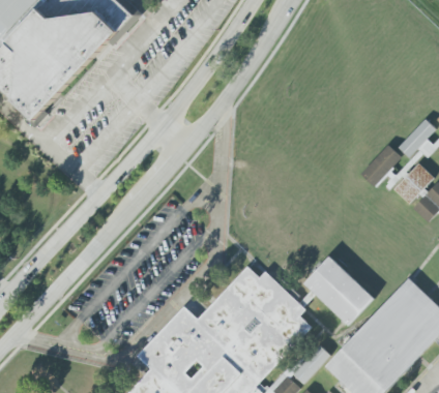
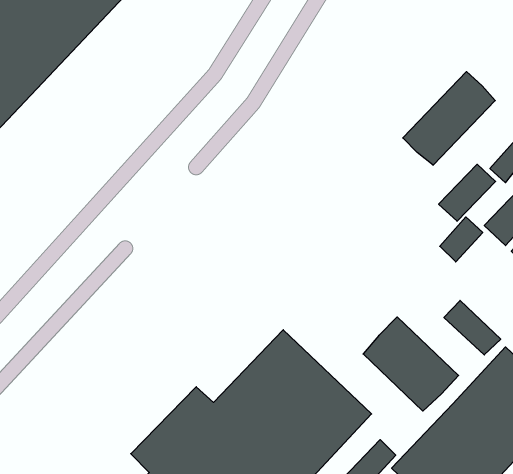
building: none -> [403,72,495,165]
building: none -> [440,217,483,262]
building: none -> [444,300,501,355]

